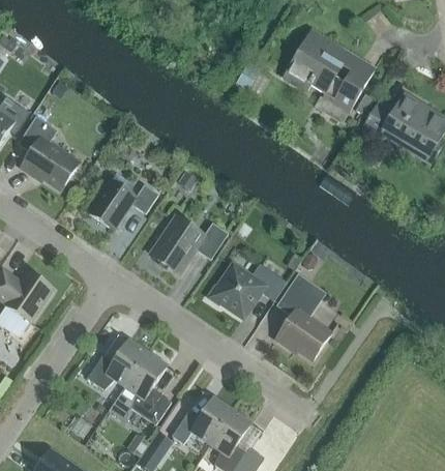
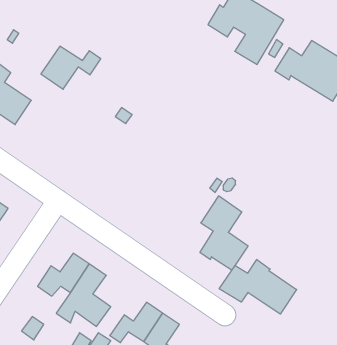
building: [88,179,157,229] -> [41,46,101,89]
building: [150,215,227,273] -> none
building: [207,263,286,317] -> none
building: none -> [219,259,297,314]

